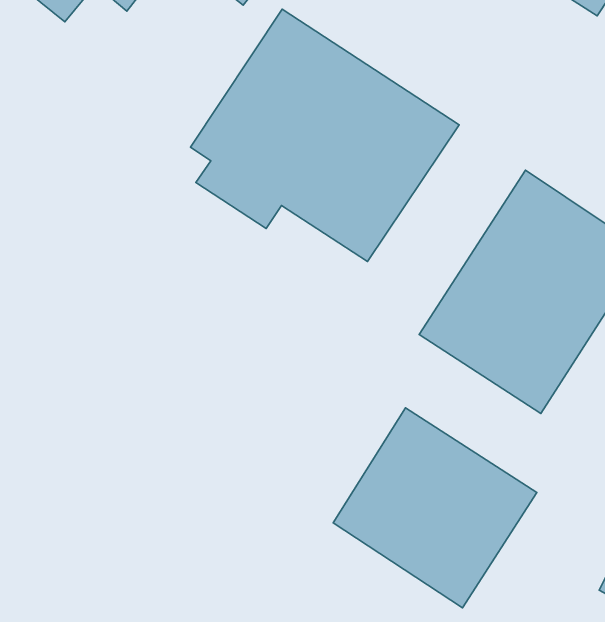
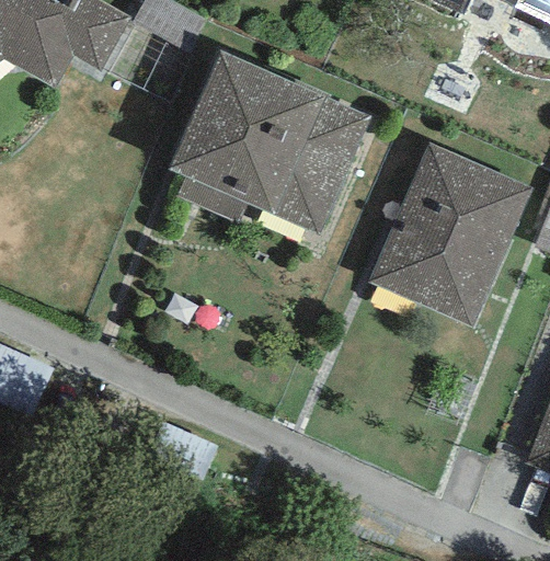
building: [333,408,537,608] -> none

